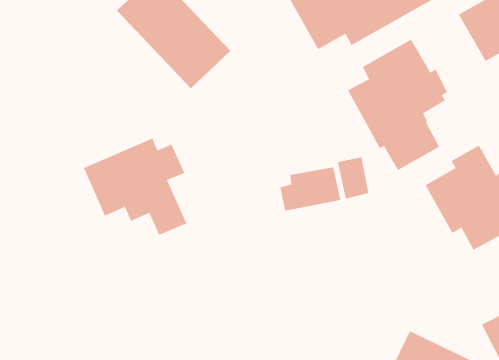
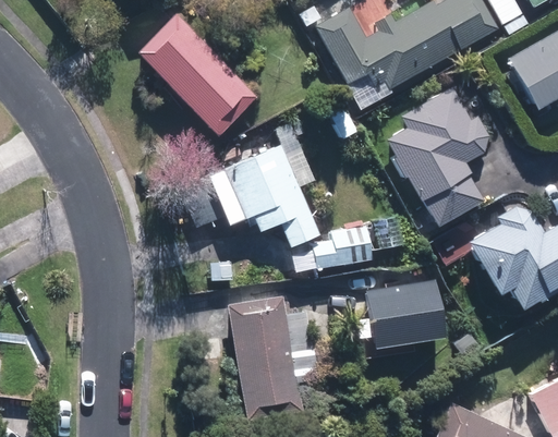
building: [83,138,187,236] -> [208,142,320,247]
building: none -> [360,279,444,357]
building: none -> [228,294,319,420]

